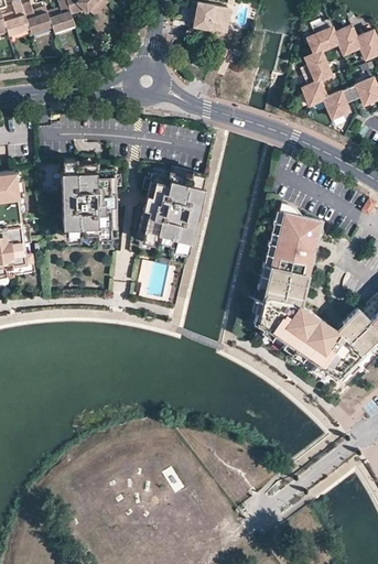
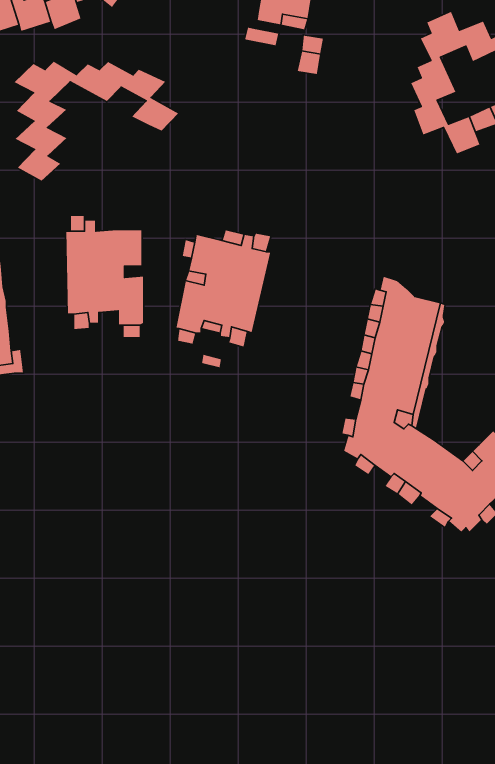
building: none -> [13,61,179,181]

